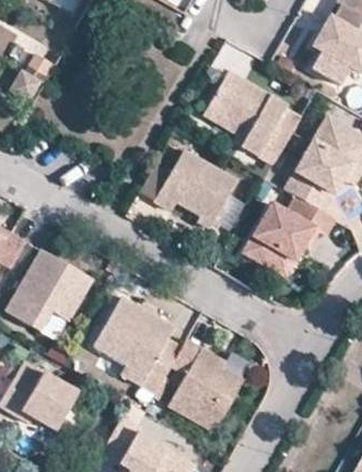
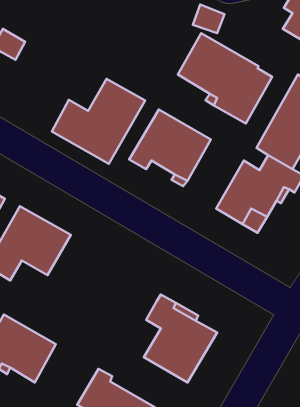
building: none -> [52,79,145,164]
building: [93,297,182,393] -> none

